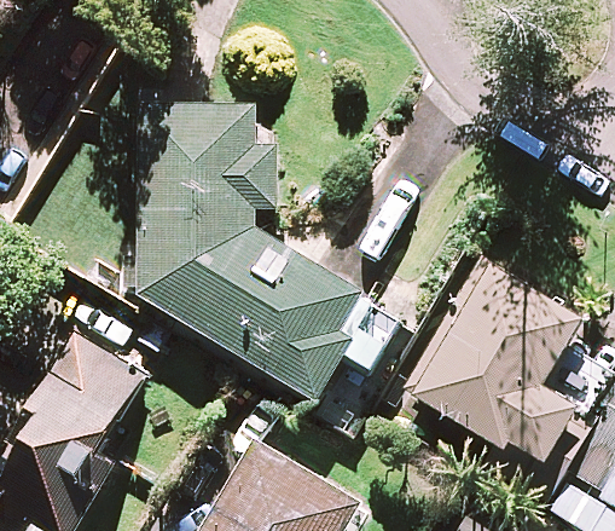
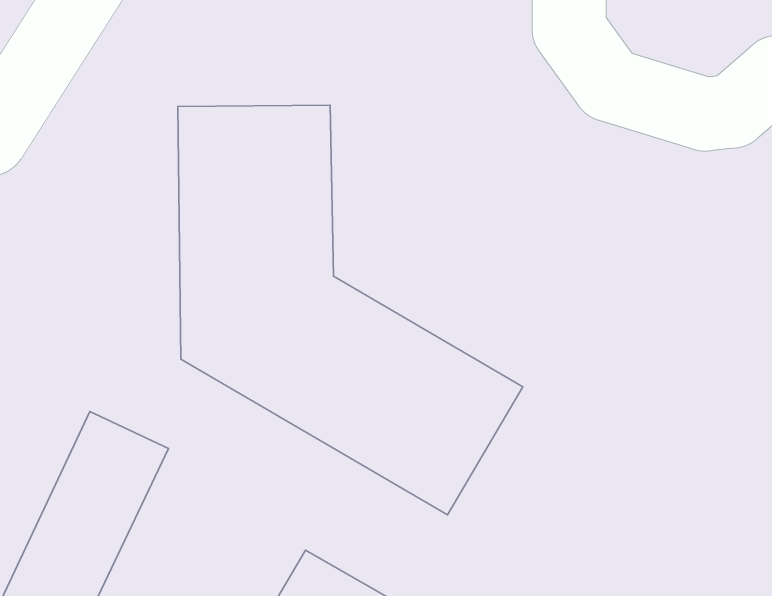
building: [412,265,592,472] -> none

